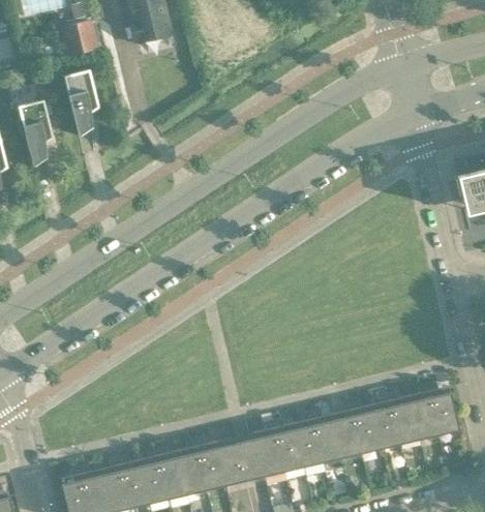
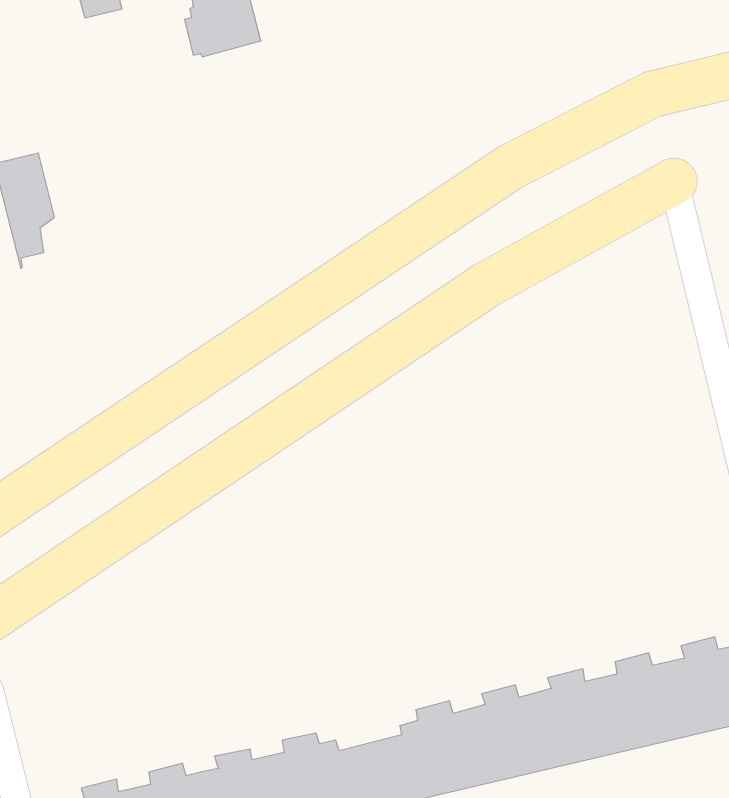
building: [61,20,99,57] -> none
building: [64,72,98,139] -> none

